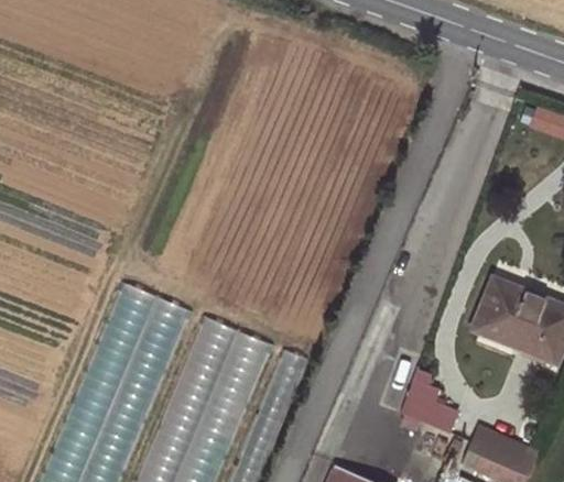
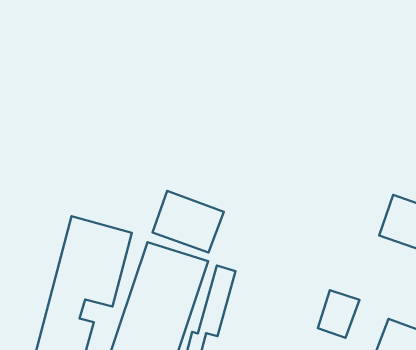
building: none -> [153,191,224,253]

